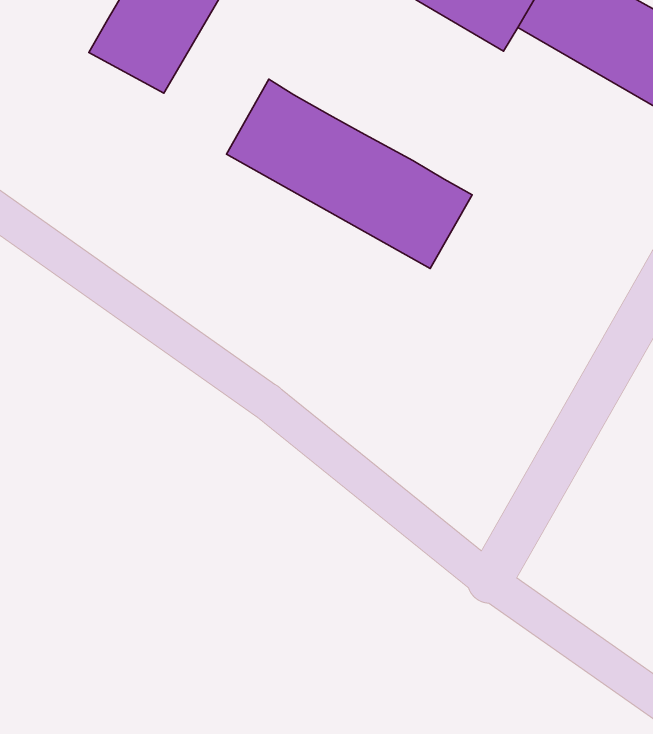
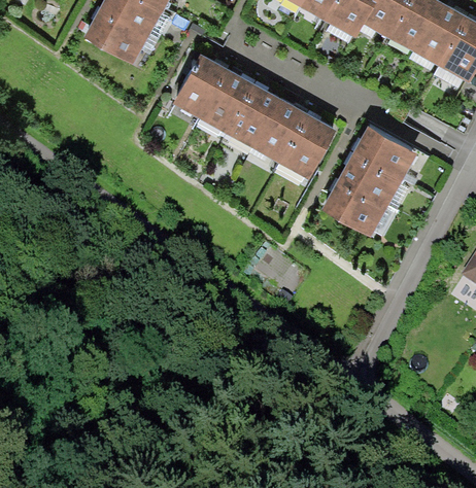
building: none -> [321,127,416,237]

